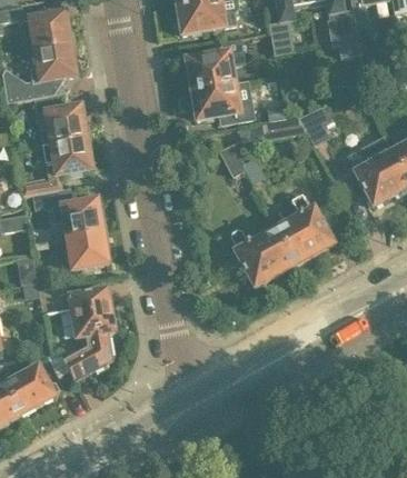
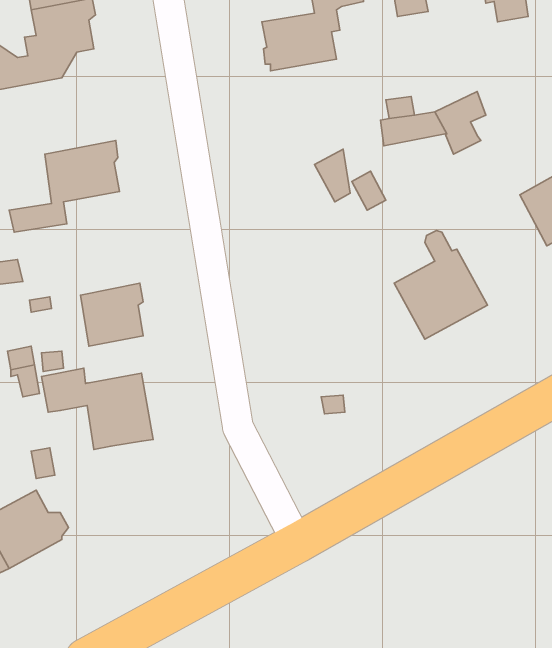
building: [190,78,252,122] -> none
building: [37,102,90,142] -> none
building: [61,196,106,235] -> none
building: [231,226,292,285] -> none
building: [64,330,111,377] -> none

